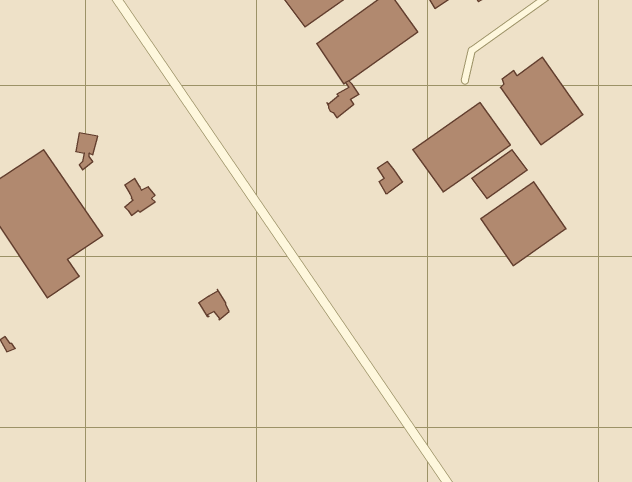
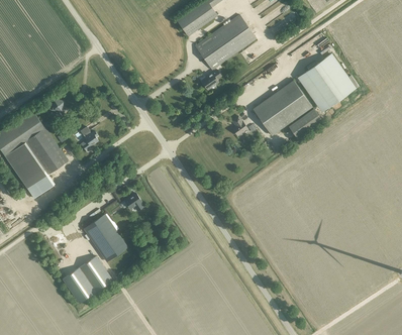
building: [481,182,566,266] -> none
building: none -> [84,214,126,260]
building: none -> [62,256,112,303]

